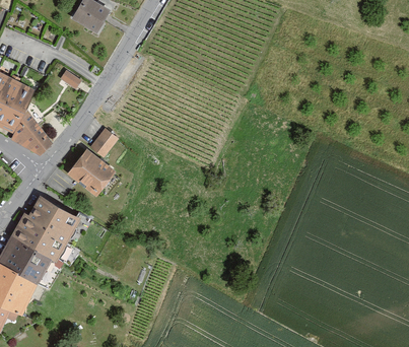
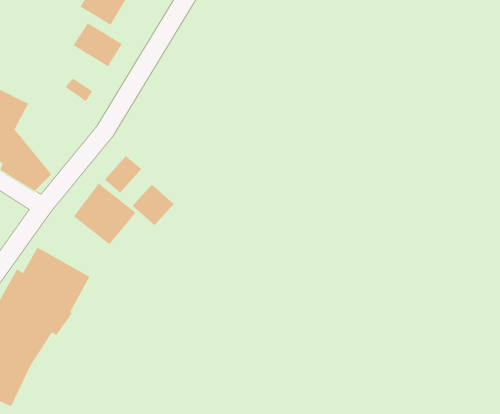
building: none -> [73,22,123,67]
building: none -> [132,184,174,226]

